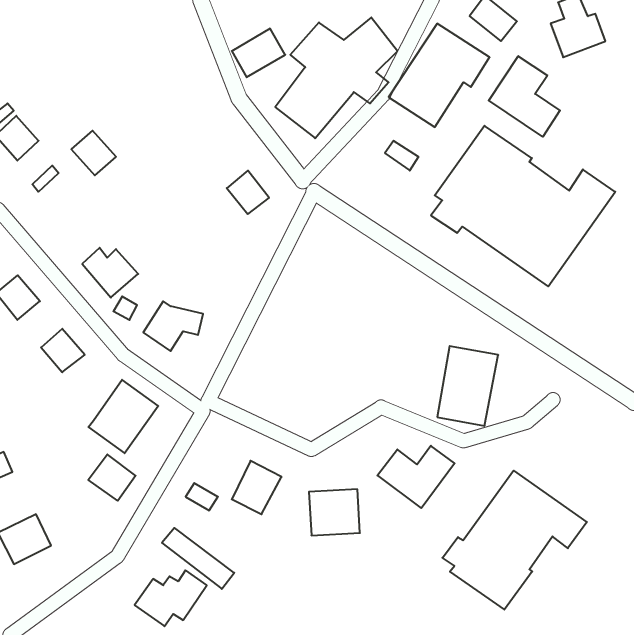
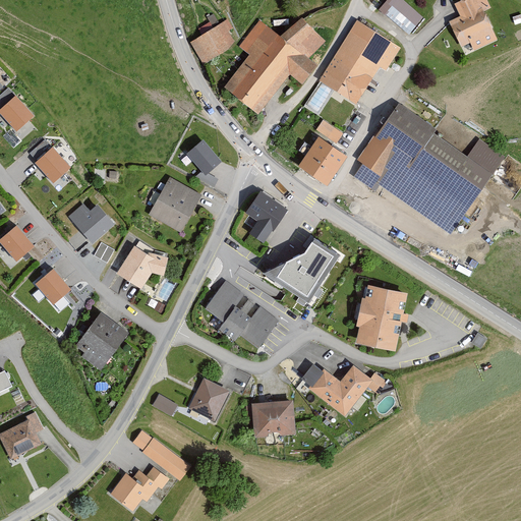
building: [489,56,560,137] -> none
building: [71,131,116,175] -> [33,147,69,183]
building: none -> [299,140,342,183]
building: none -> [150,178,200,231]
building: none -> [245,190,287,242]
building: none -> [262,239,337,302]
building: none -> [206,280,279,345]
building: [88,454,136,501] -> none
building: [442,471,587,610] -> none

